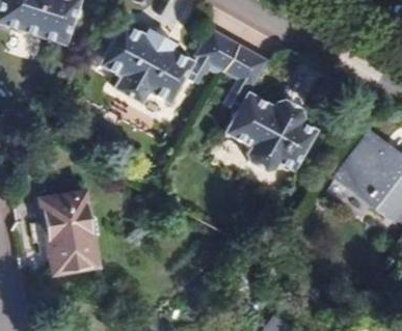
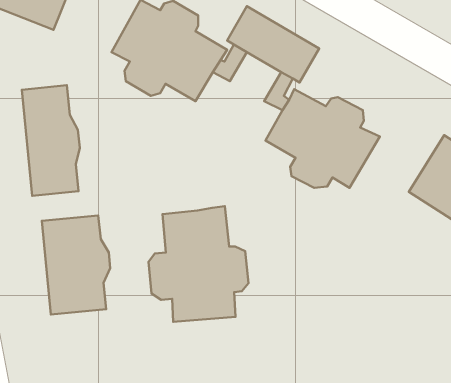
building: none -> [22,85,80,196]
building: none -> [148,206,248,322]

